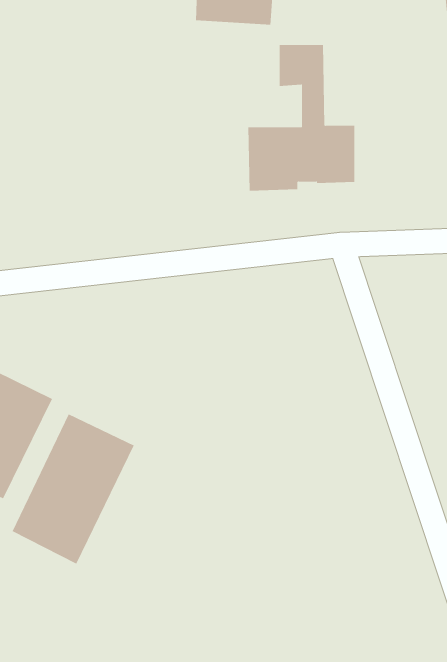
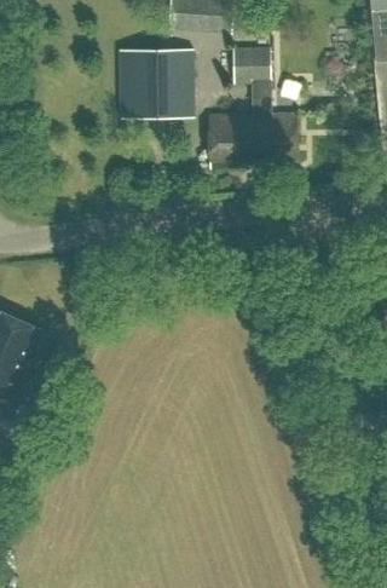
building: none -> [120,51,195,116]
building: [12,414,135,564] -> none

